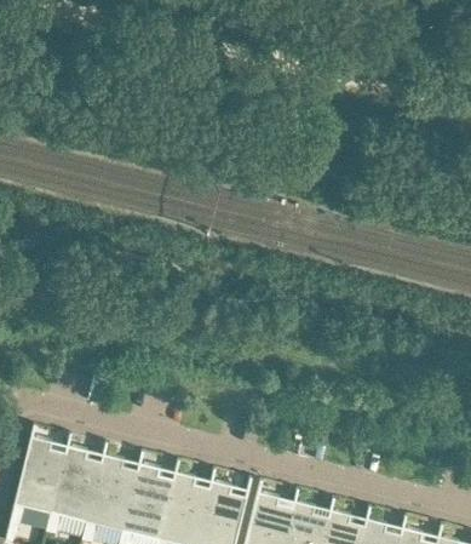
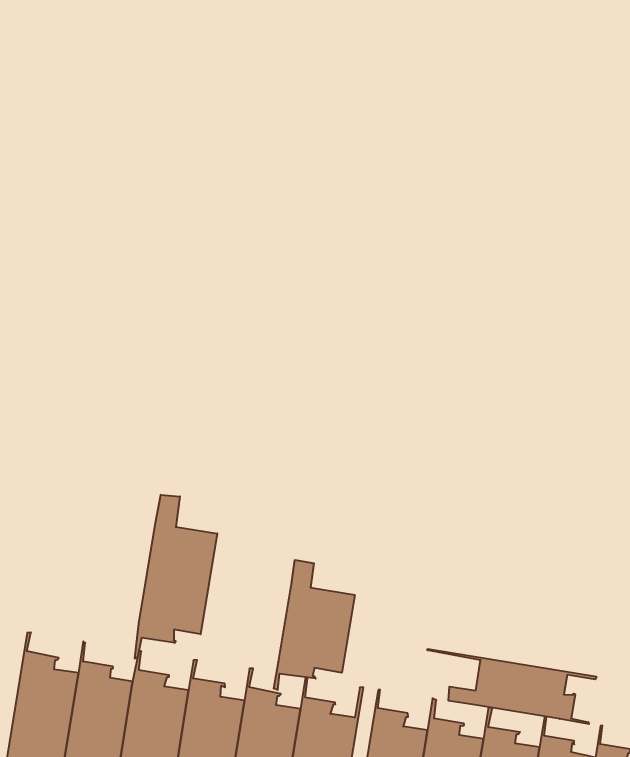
building: none -> [135,495,217,659]
building: none -> [274,560,355,690]
building: none -> [427,649,596,724]

